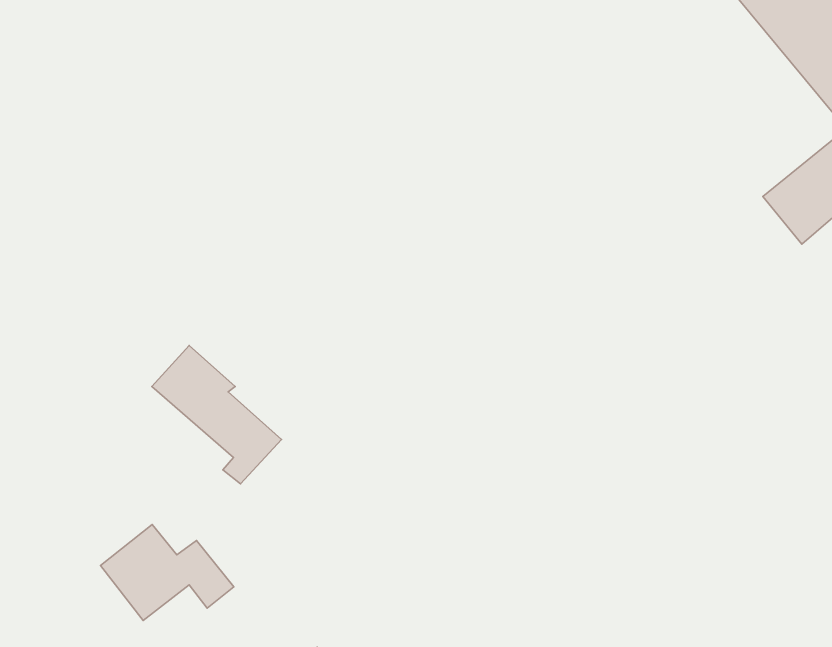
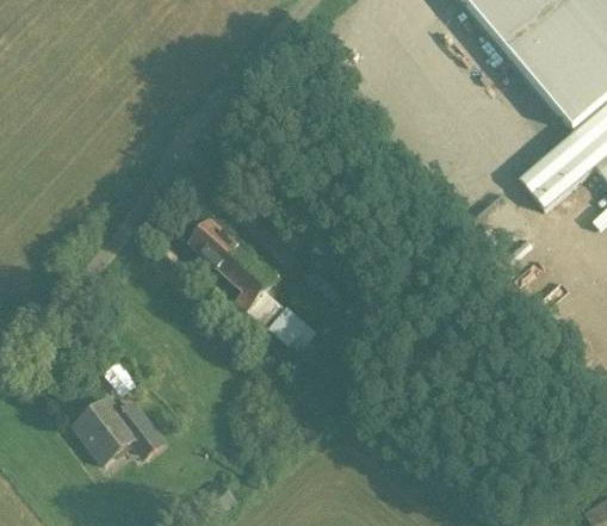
building: [152,346,281,484] -> [187,211,274,304]
building: none -> [267,303,305,341]

